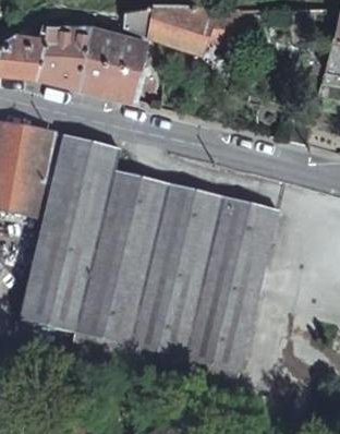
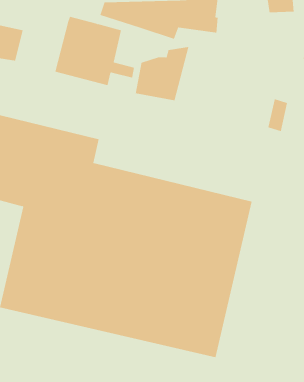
building: [36,24,88,83] -> none
building: none -> [135,46,189,101]

